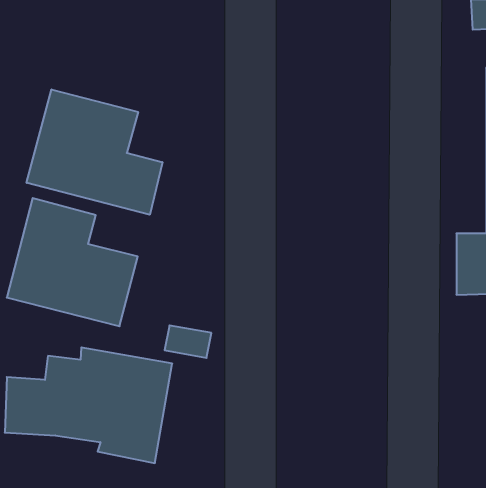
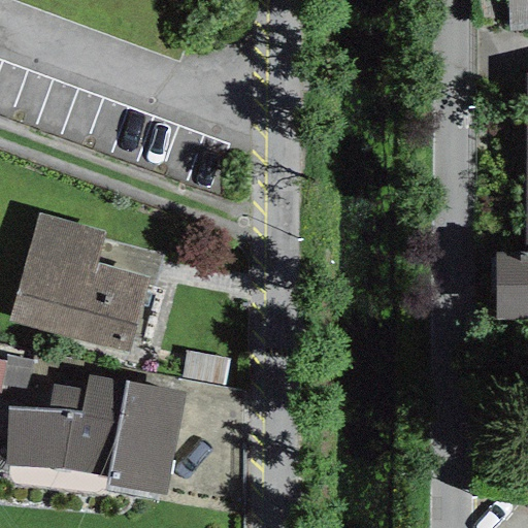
building: [27,89,162,215] -> none

